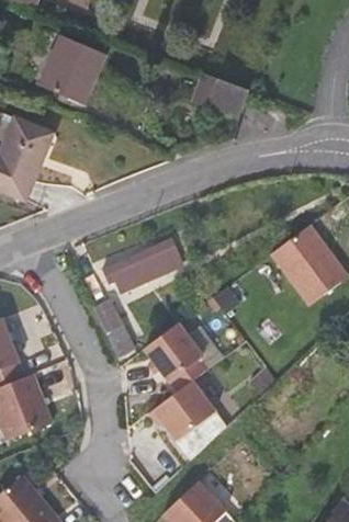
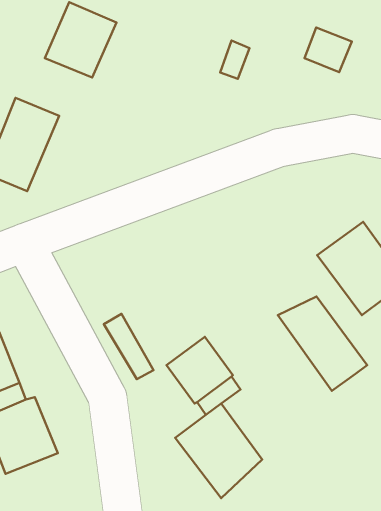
building: [206,76,247,114] -> [305,28,352,72]
building: [100,242,179,294] -> none
building: none -> [278,297,367,391]

